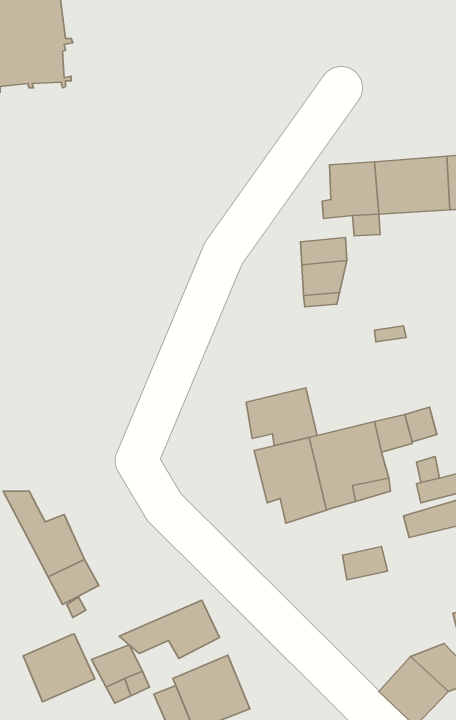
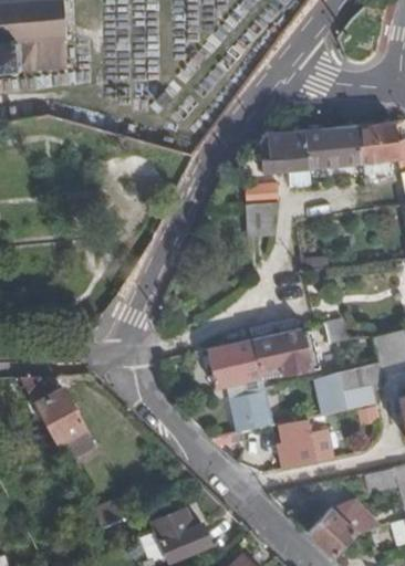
building: [246,388,317,445] -> none
building: none -> [235,394,278,439]
building: none -> [277,432,334,472]
building: [119,600,220,659] -> none
building: [23,634,95,702] -> none

